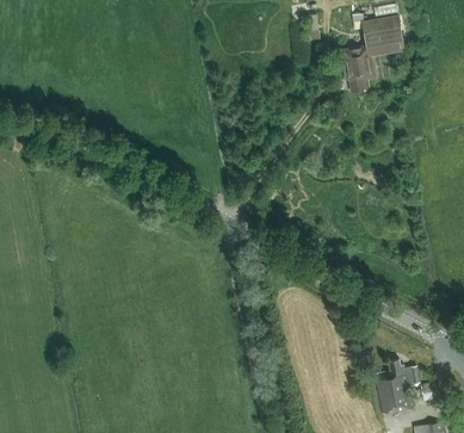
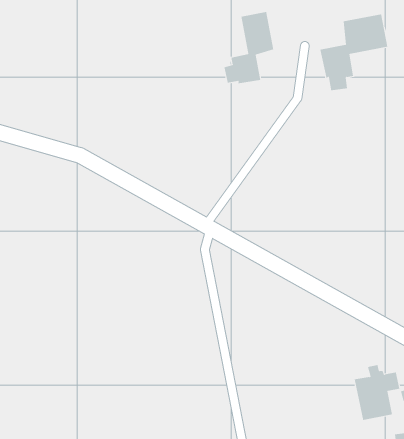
building: none -> [224,11,274,84]

